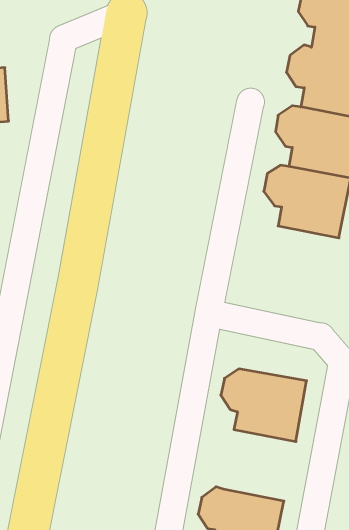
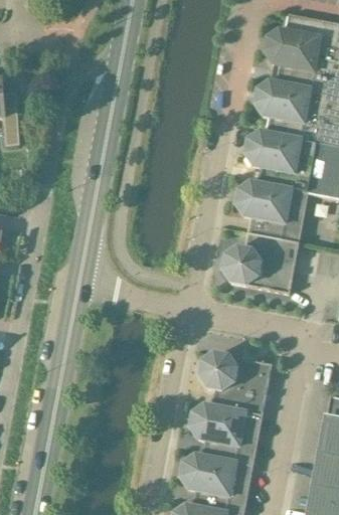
building: none -> [221,233,297,294]
building: none -> [188,404,261,466]

